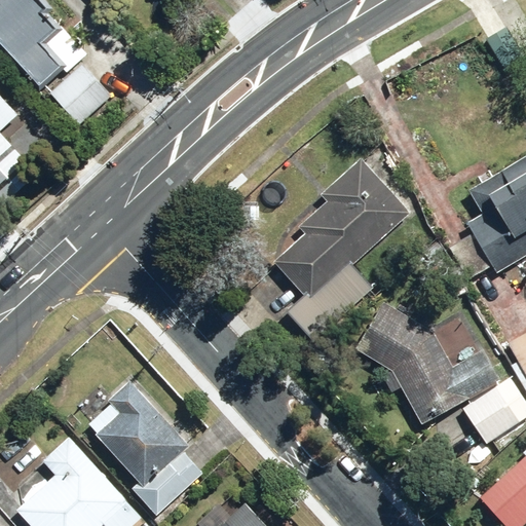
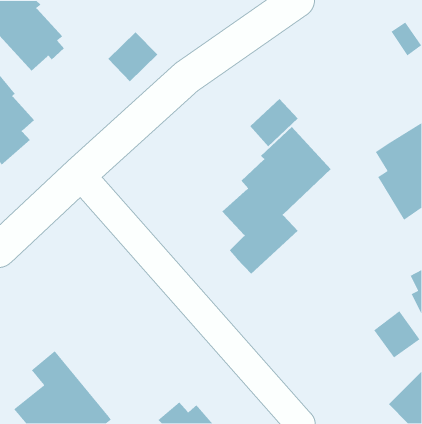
building: [51,62,114,124] -> [107,31,158,82]
building: none -> [250,98,298,147]
building: [359,299,500,421] -> none
building: [95,375,202,514] -> none

